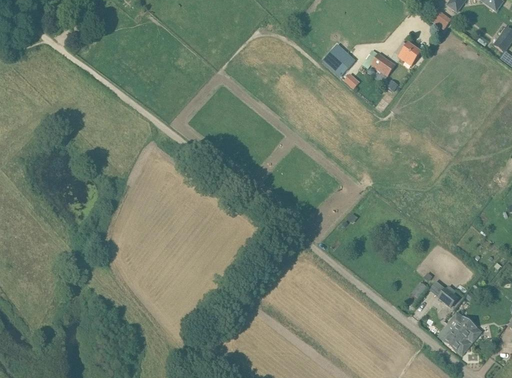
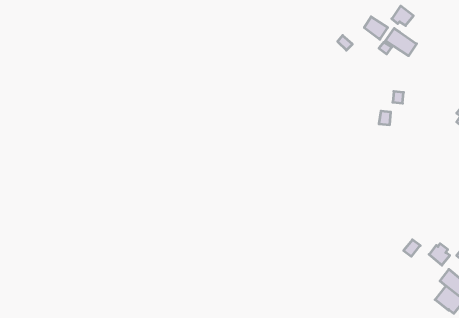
building: [321,42,355,76] -> none
building: none -> [385,28,417,56]

